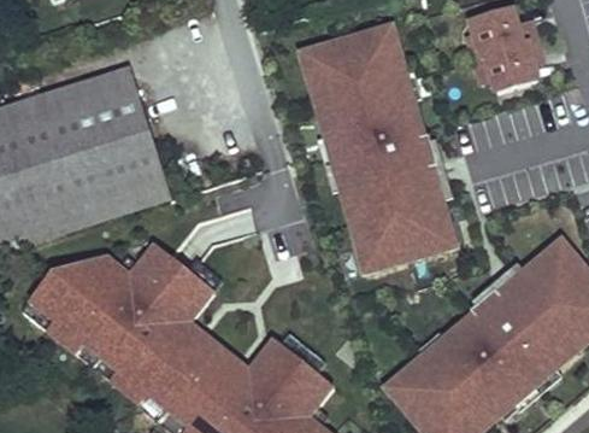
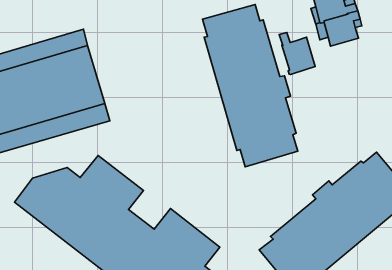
building: none -> [279,33,315,75]

